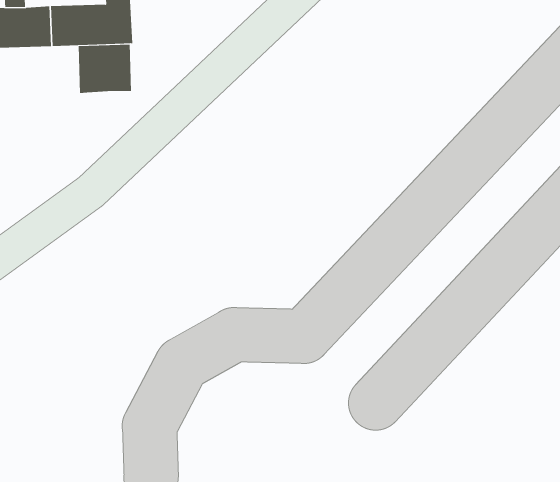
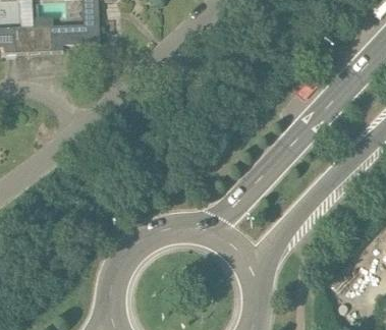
building: [78,44,131,94] -> none

